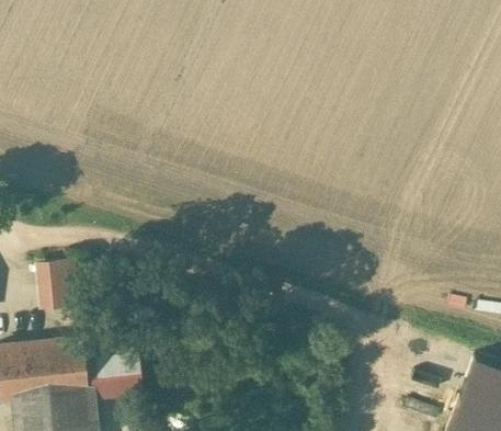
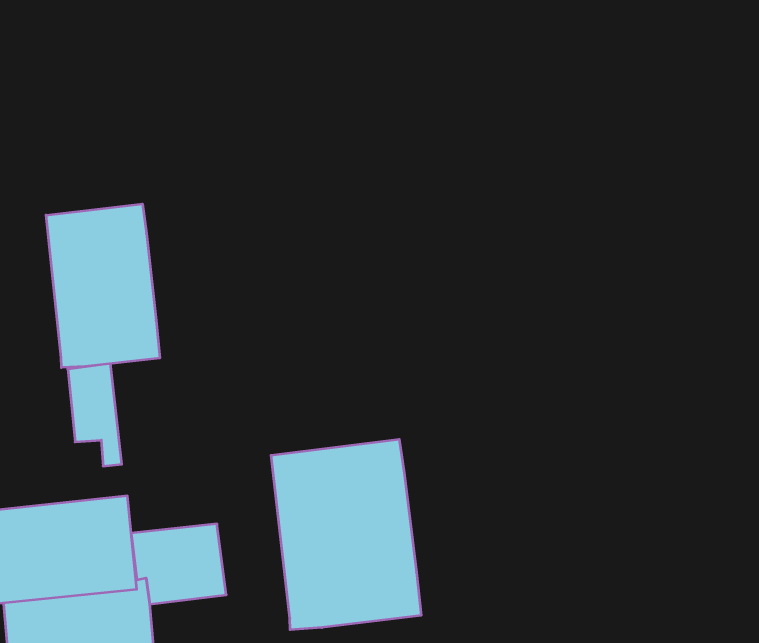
building: none -> [46,204,160,368]
building: none -> [271,439,421,630]

